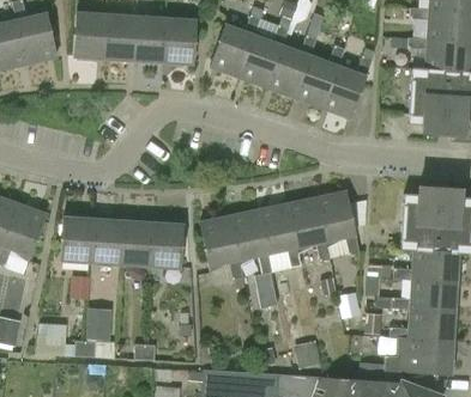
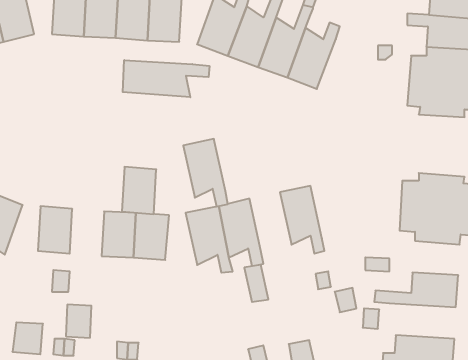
building: [322,48,374,117] -> none
building: none -> [123,60,209,97]
building: [316,191,358,255] -> none
building: [259,203,301,267] -> [183,139,228,207]
building: [90,219,122,263] -> [122,167,156,214]
building: [393,249,457,281] -> none
building: [390,309,453,341] -> none

